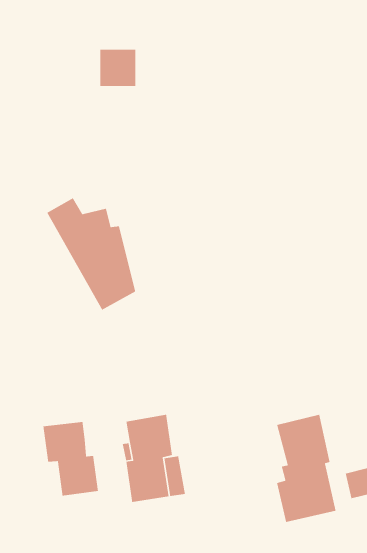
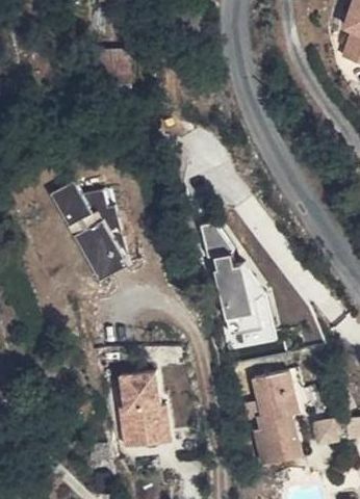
building: none -> [200,222,262,336]
building: [42,421,99,496] -> none

